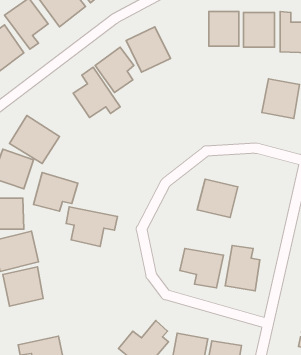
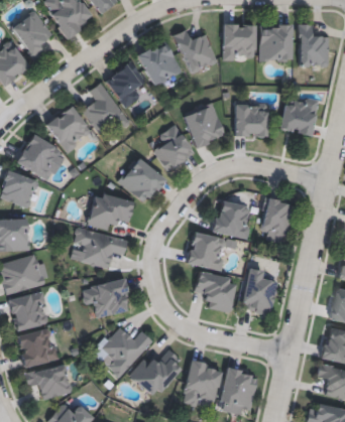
building: none -> [174,31,217,75]
building: none -> [234,102,267,137]
building: none -> [182,103,226,149]
building: none -> [43,105,93,154]
building: none -> [152,125,194,172]
building: none -> [117,157,165,205]
building: [33,173,78,211] -> [87,191,133,232]
building: none -> [259,197,296,245]
building: none -> [186,233,227,272]
building: none -> [82,279,131,318]
building: none -> [93,325,153,379]
building: none -> [15,327,59,369]

